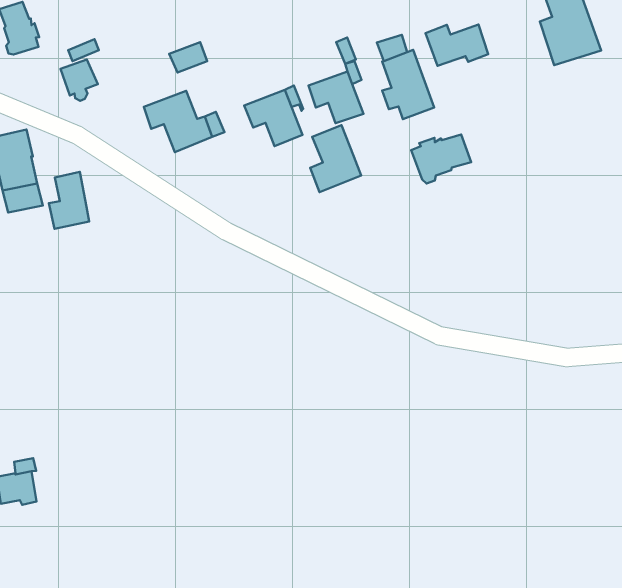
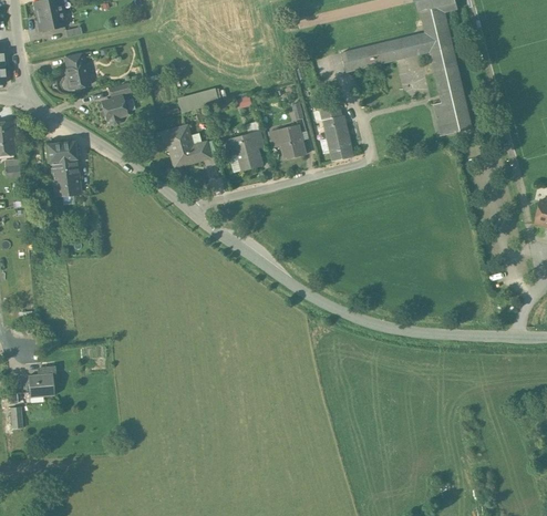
building: [426,25,488,66] -> none
building: [310,125,361,192] -> none
building: [411,135,471,184] -> none
building: [49,172,89,229] -> none

